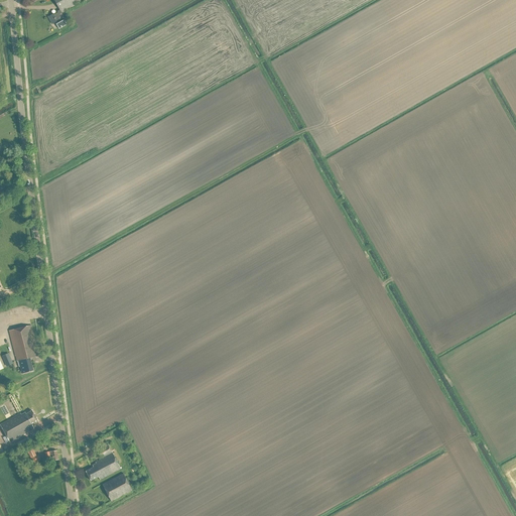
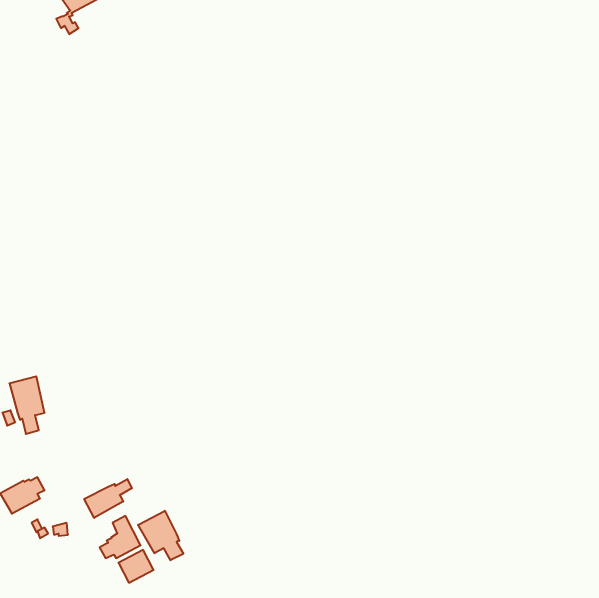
building: none -> [84,479,132,518]
building: none -> [138,511,183,560]

